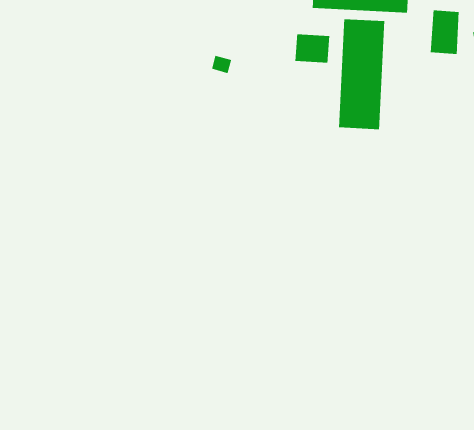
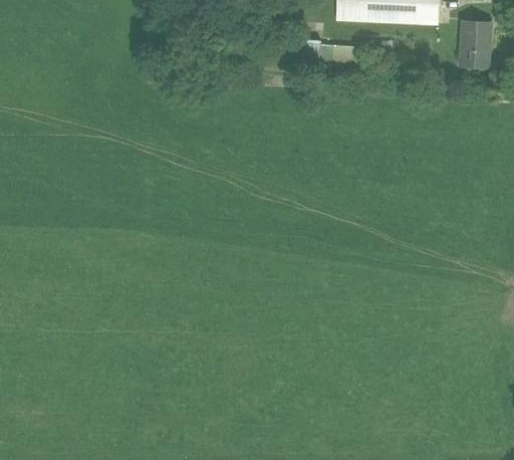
building: [338,18,385,130] -> none

